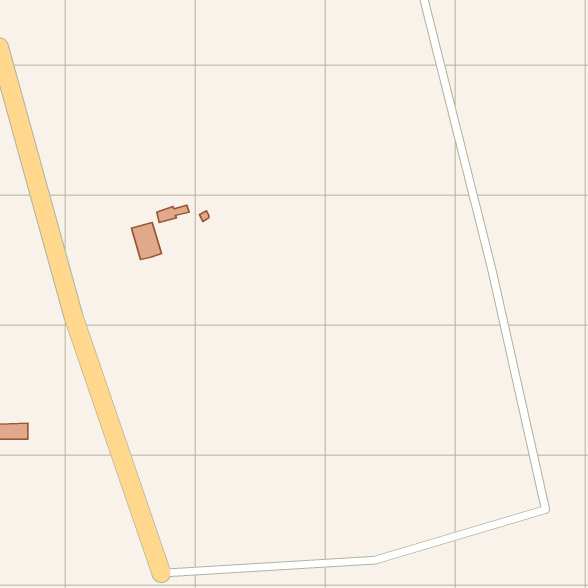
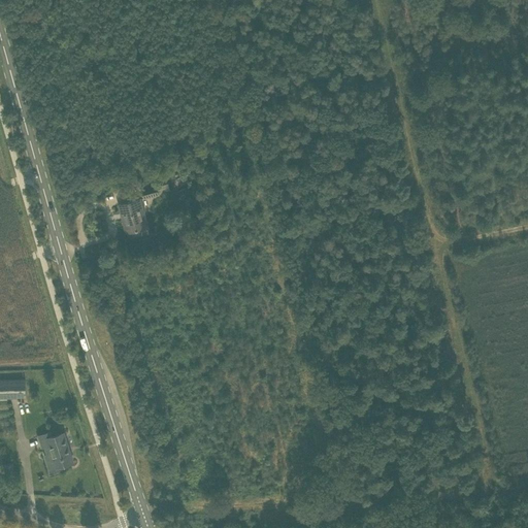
building: none -> [46,433,72,468]

